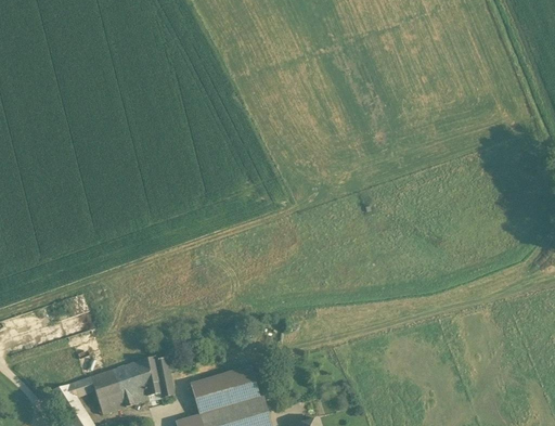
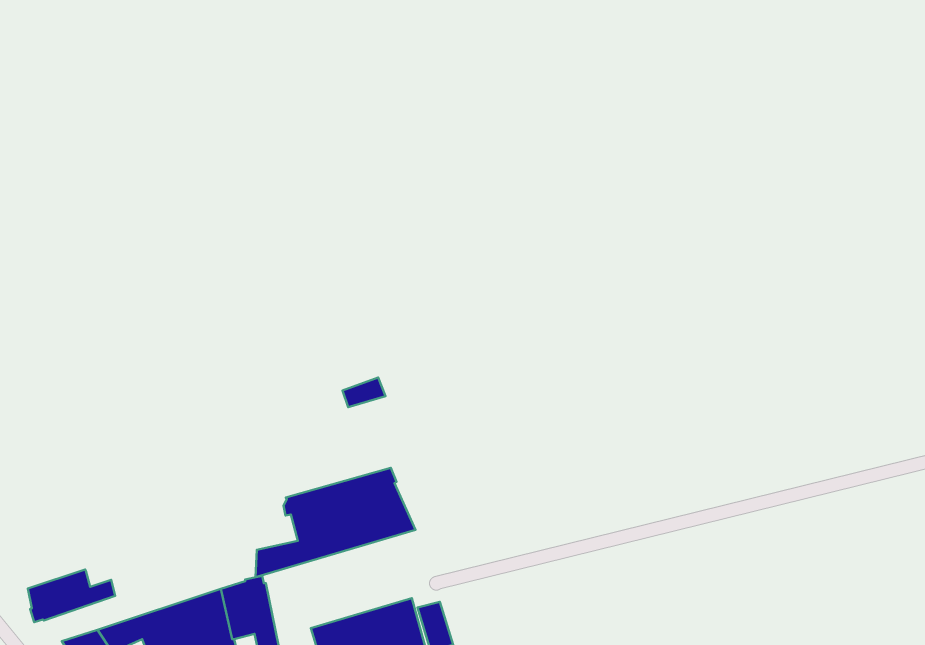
building: none -> [255,468,416,577]
building: none -> [28,570,115,622]

